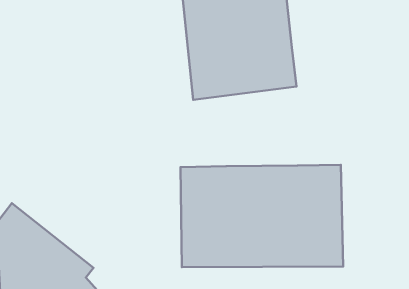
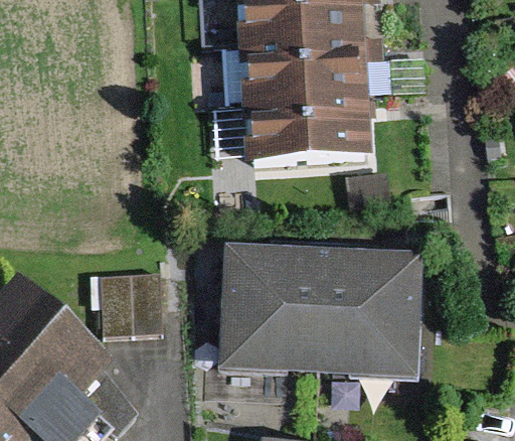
building: none -> [101,274,163,334]

